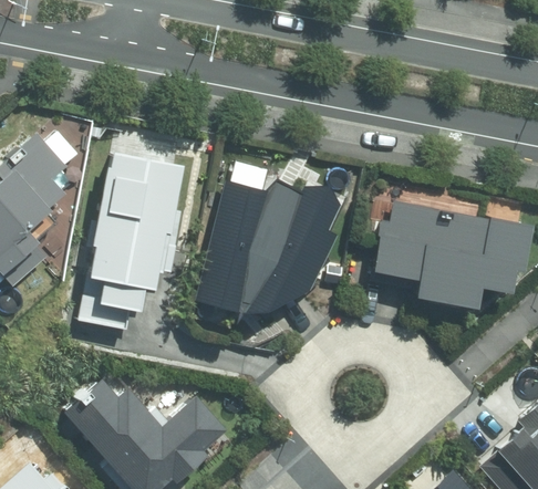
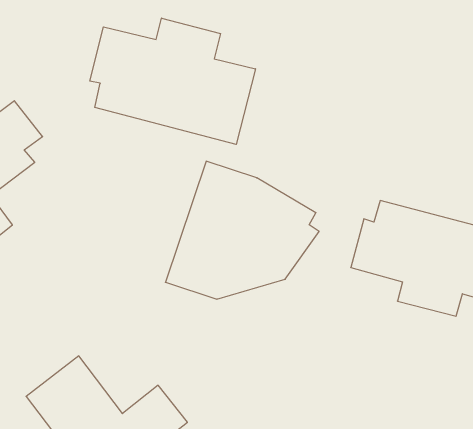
building: none -> [90,18,255,144]
building: [93,155,183,311] -> none

